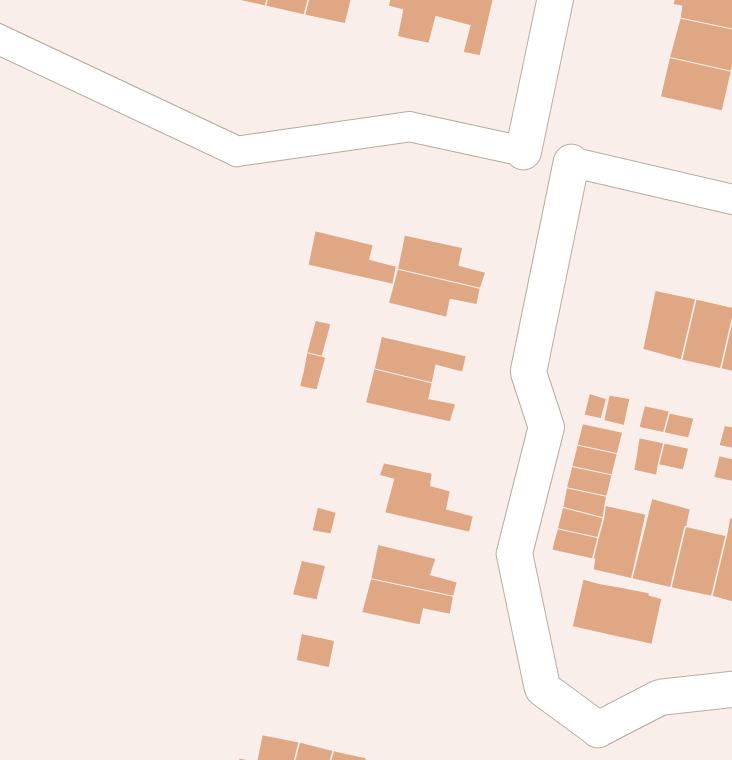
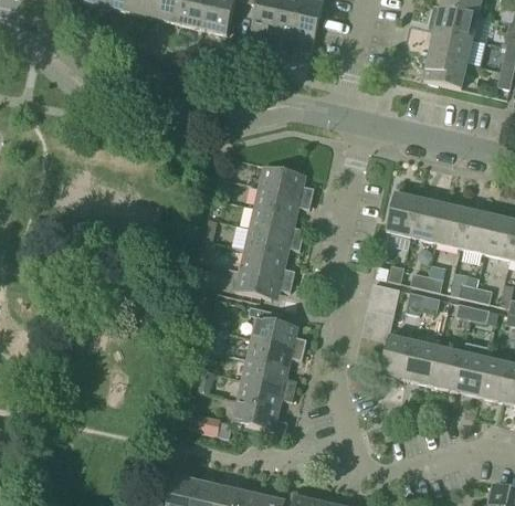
building: [308,231,397,284] -> [249,207,304,240]
building: none -> [386,192,419,235]
building: none -> [234,268,292,297]
building: none -> [246,337,304,366]
building: [572,579,662,645] -> none
building: none -> [232,399,287,432]

